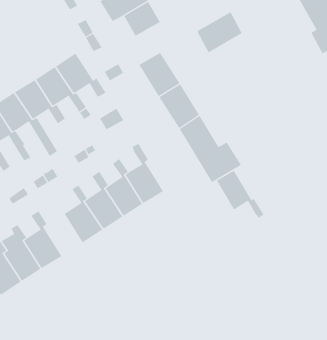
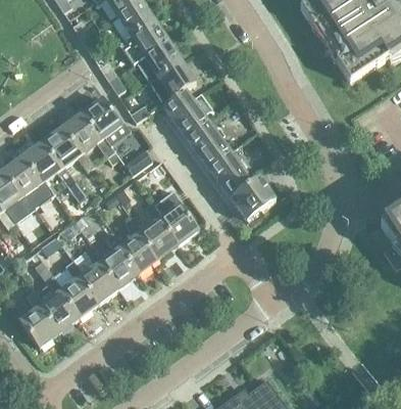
building: [197,11,243,53] -> [149,59,196,103]
building: [216,170,264,219] -> none
building: none -> [78,244,117,304]

